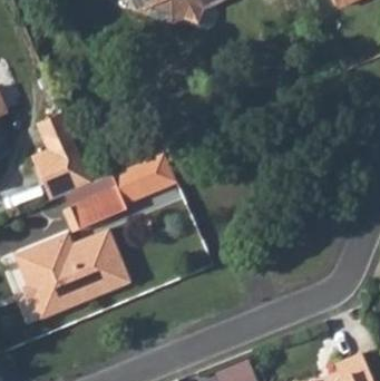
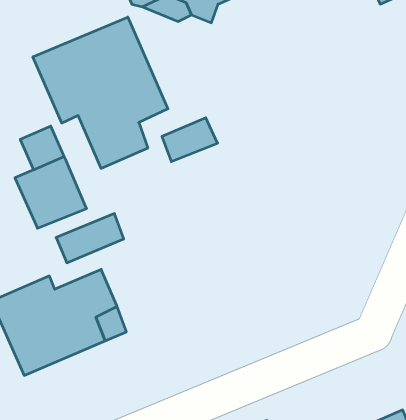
building: none -> [33,17,168,168]
building: [118,169,165,206] -> [162,118,218,162]

